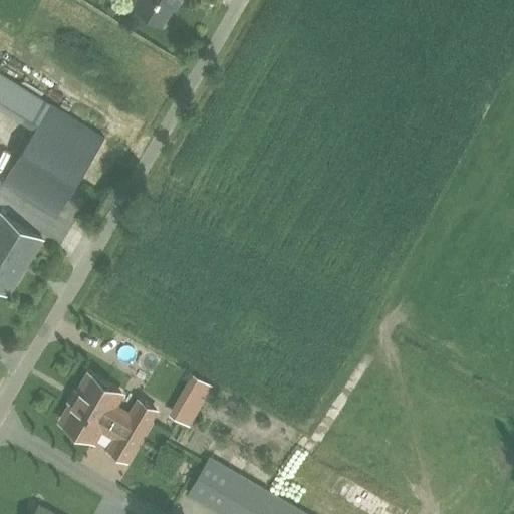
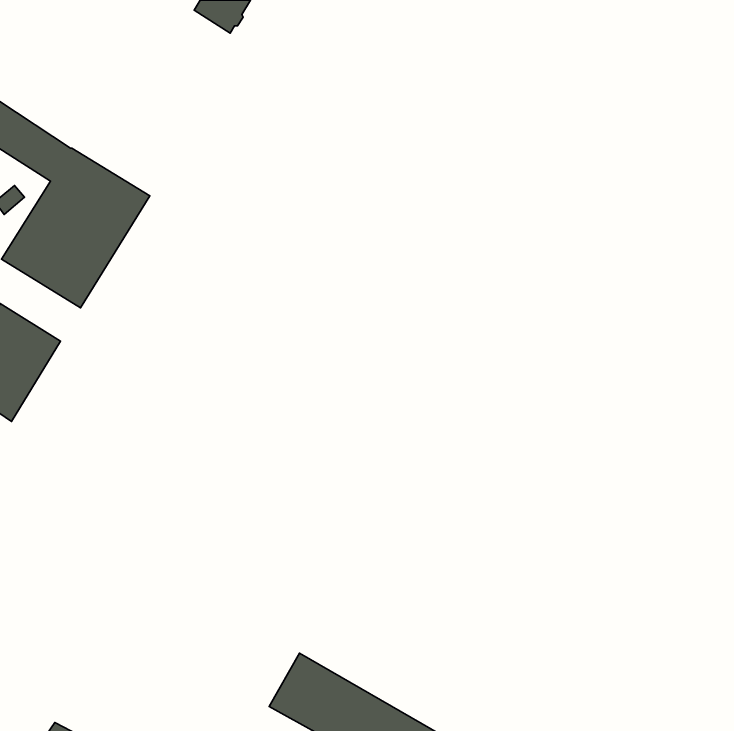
building: [60,375,155,461] -> none
building: [174,376,209,426] -> none

